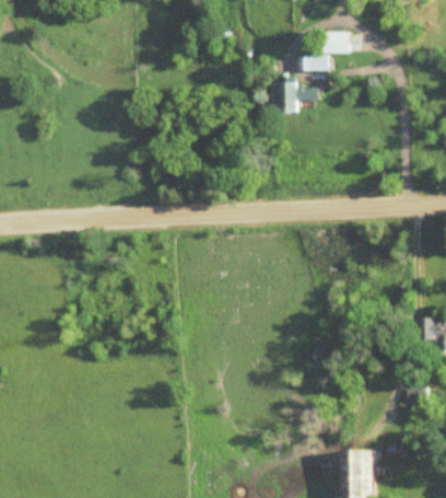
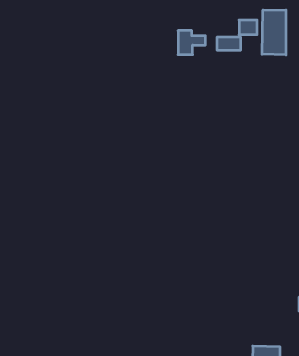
building: none -> [262,10,286,55]
building: [281,82,316,113] -> [178,31,205,55]

